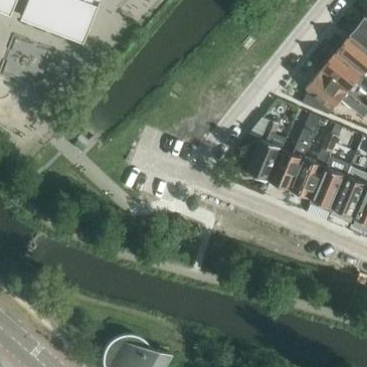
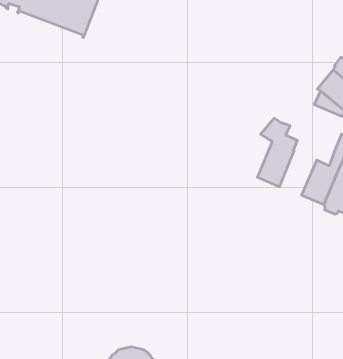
building: [269,115,320,190] -> none

